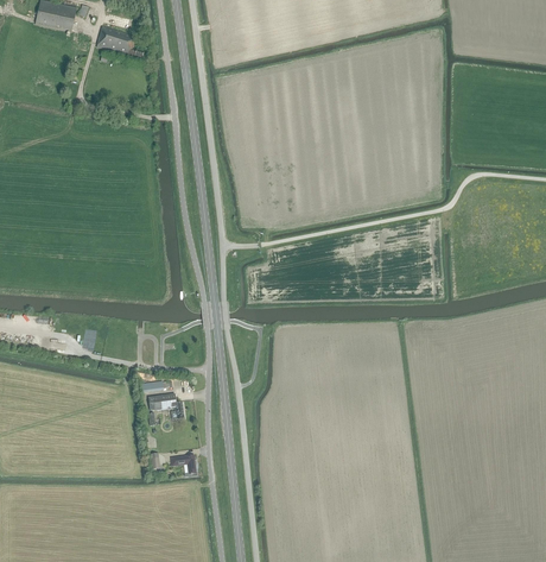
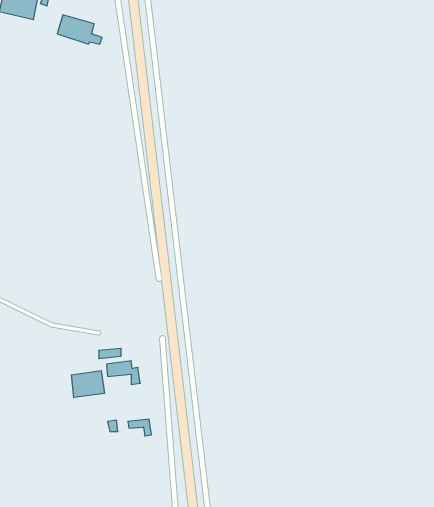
building: none -> [71,371,105,398]

